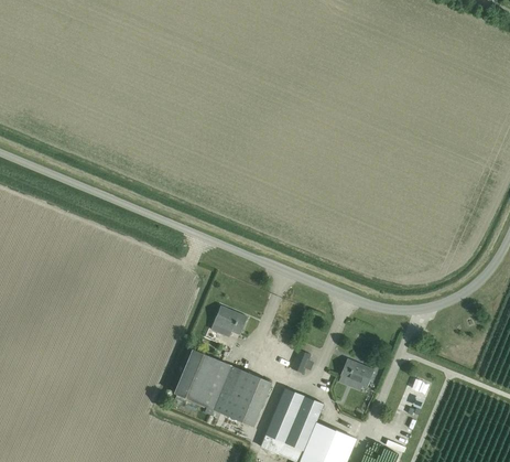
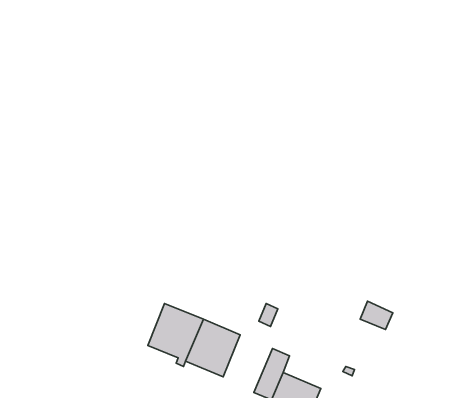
building: [210,307,247,337] -> none
building: [339,358,373,388] -> [360,301,393,330]
building: [264,388,305,443] -> none

